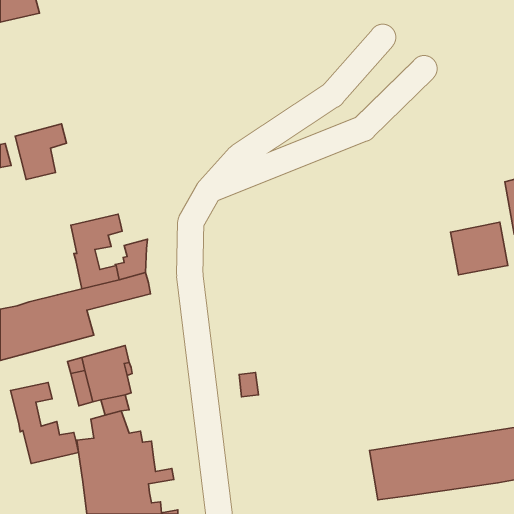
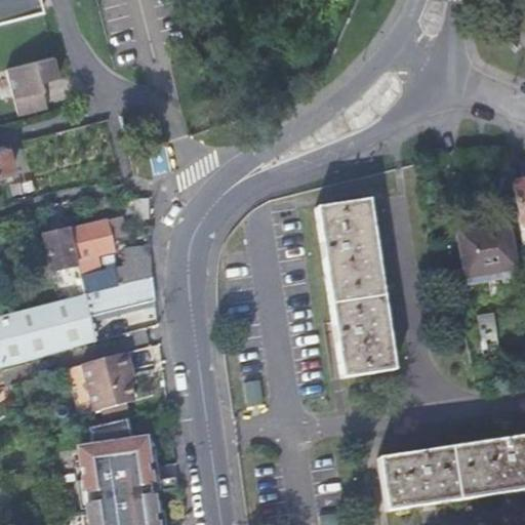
building: [15,124,67,179] -> [6,58,58,115]
building: none -> [316,196,395,376]
building: none -> [45,229,79,270]
building: [11,382,79,463] -> none

